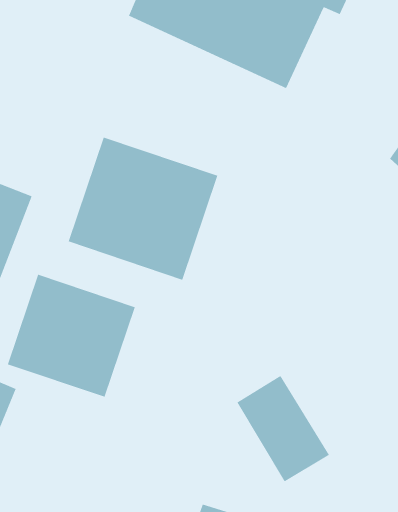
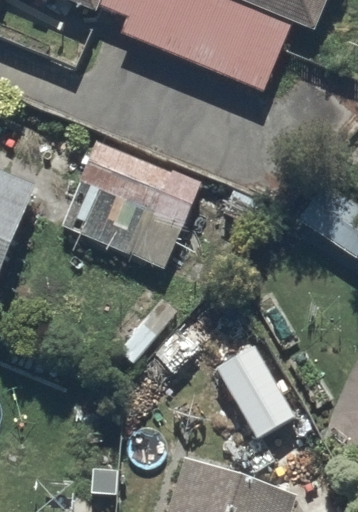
building: [7,274,135,398] -> none

